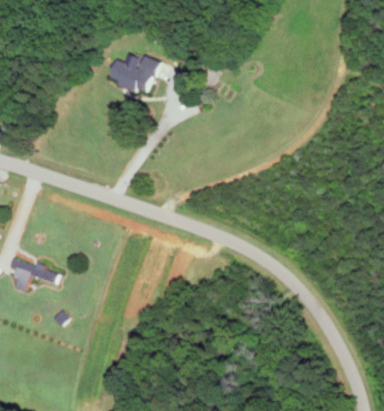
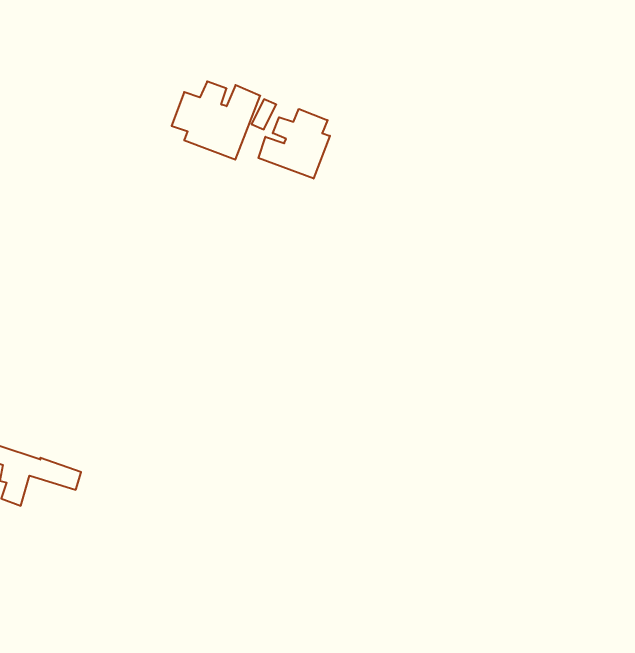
building: none -> [258,109,330,179]

